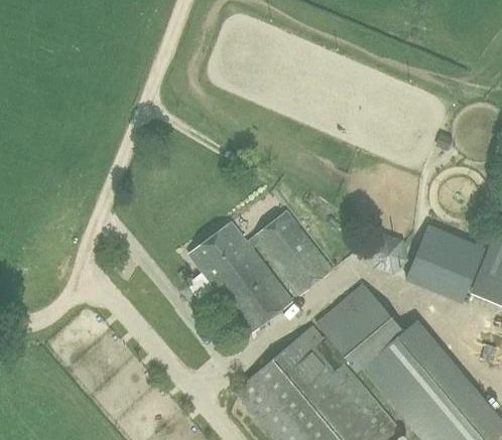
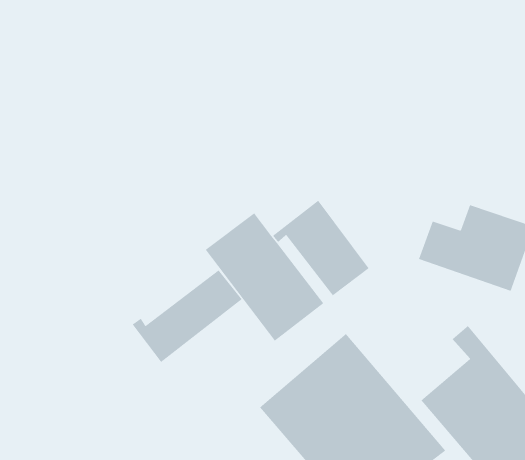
building: none -> [132,269,243,363]
building: [318,285,419,386] -> none

